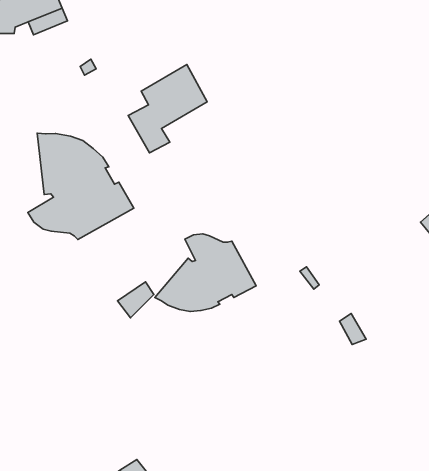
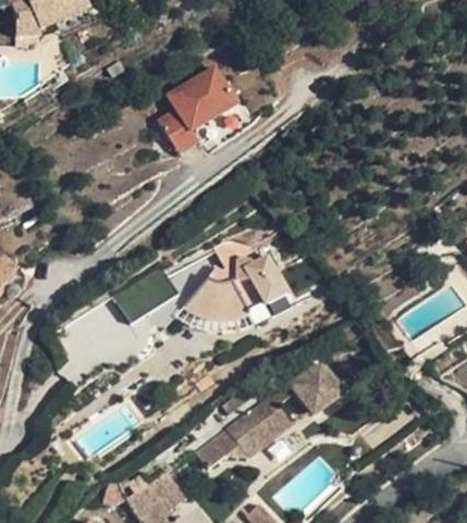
building: [28,133,134,239] -> none
building: none -> [195,361,344,469]

